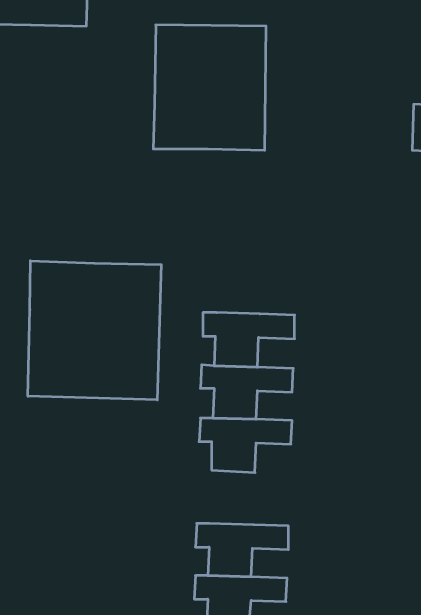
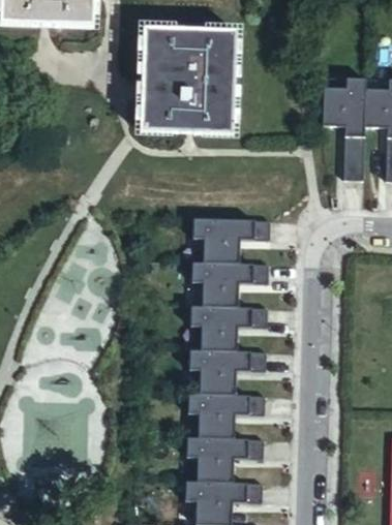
building: none -> [321,79,365,181]
building: none -> [190,219,268,264]
building: [28,261,161,400] -> none
building: none -> [185,394,262,439]

